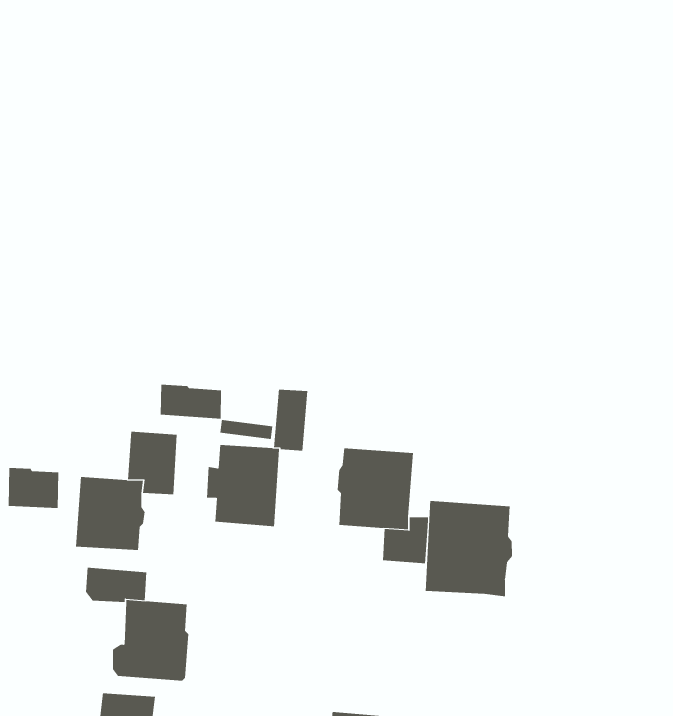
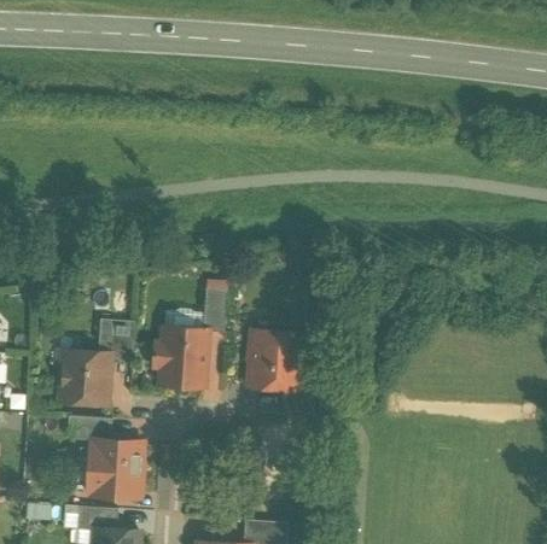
building: [160,384,221,419] -> none
building: [8,467,59,509] -> none
building: [425,500,513,597] -> none

